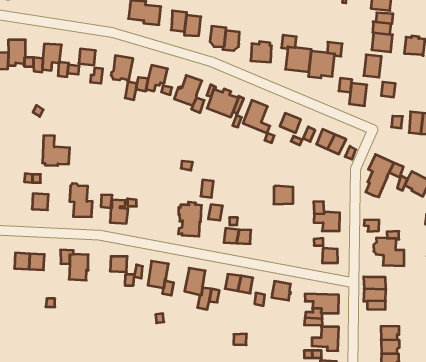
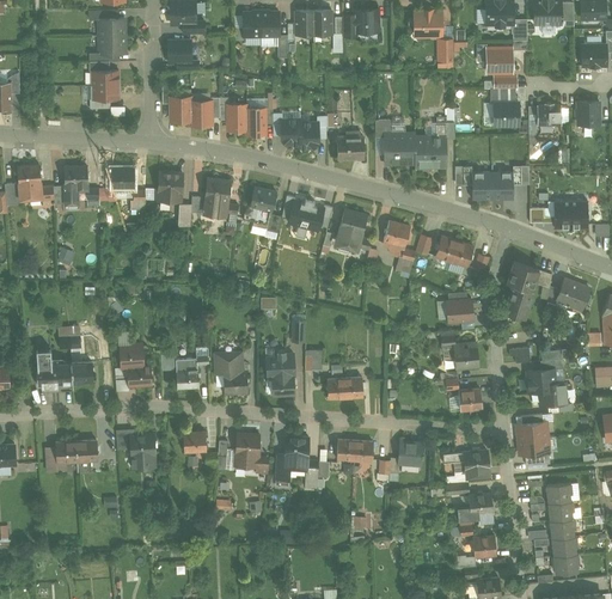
building: [364,55,381,77] -> [492,172,513,200]
building: [42,136,70,166] -> [36,350,73,390]
building: [274,186,293,204] -> [446,299,473,324]
building: none -> [215,353,249,393]

